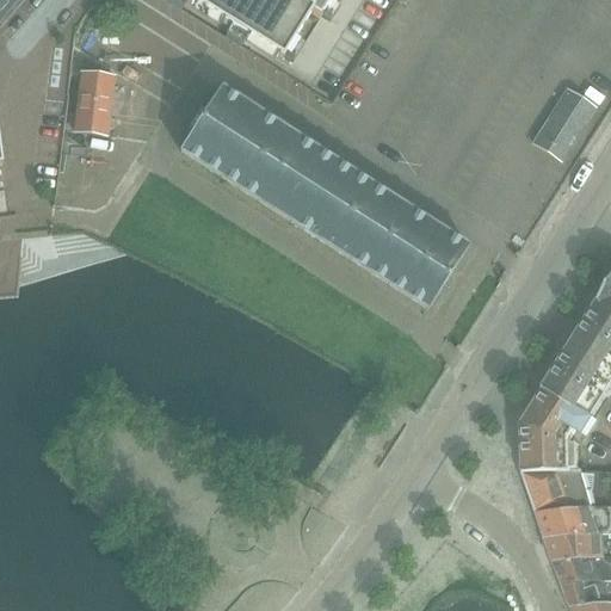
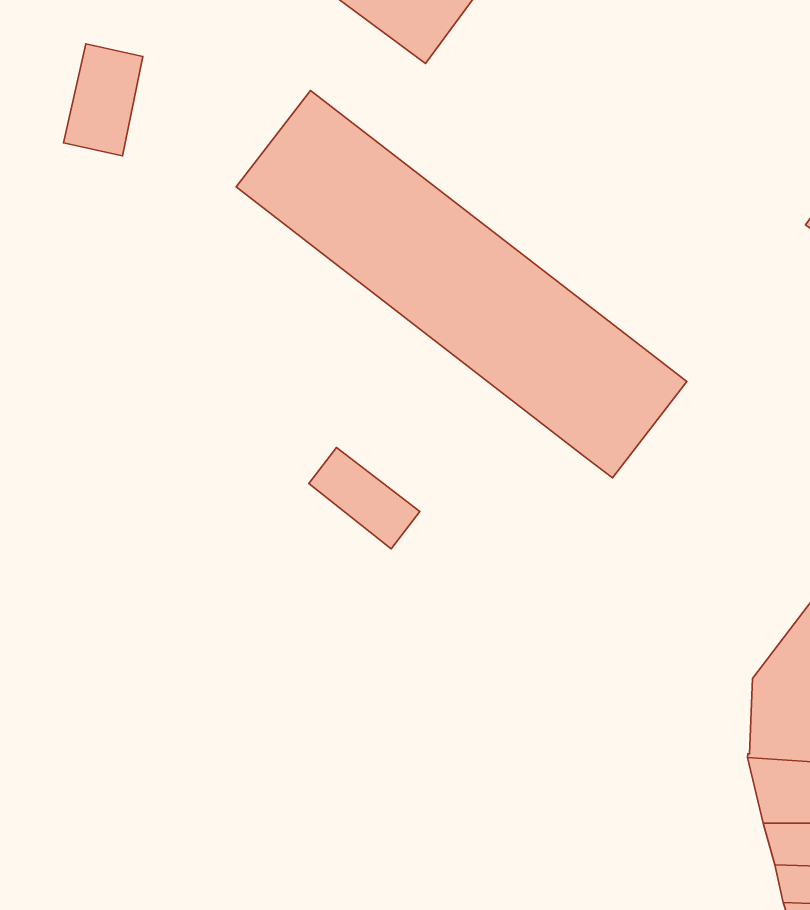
building: none -> [309,447,420,549]

